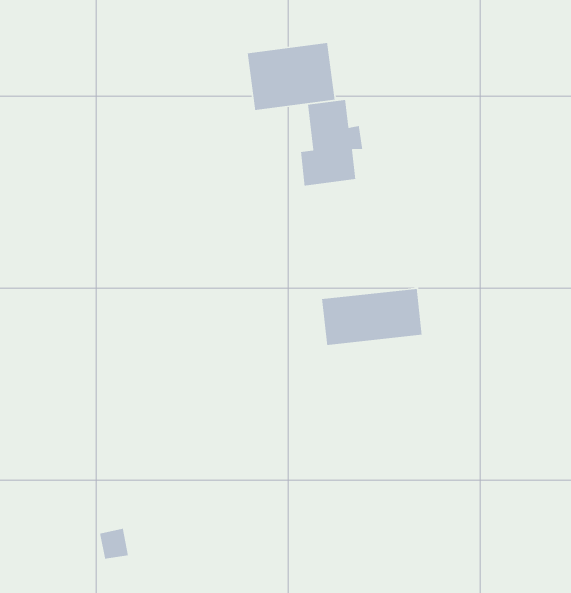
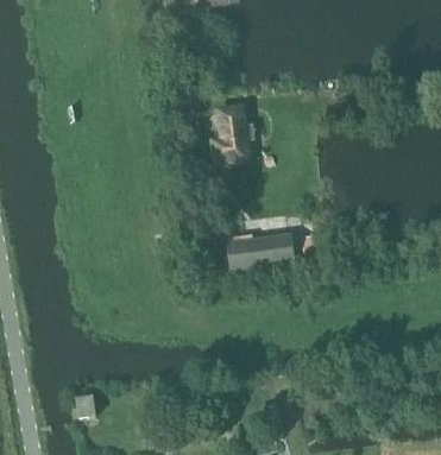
building: [247,42,335,111] -> none

